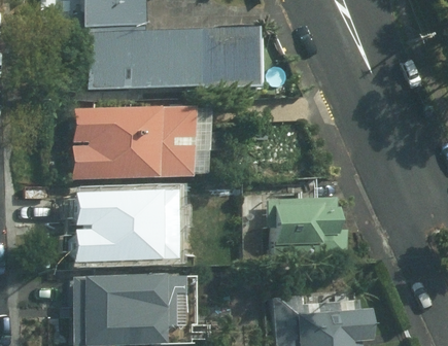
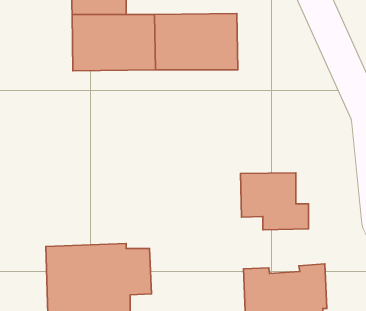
building: [65,106,200,178] -> none
building: [85,189,188,263] -> none

